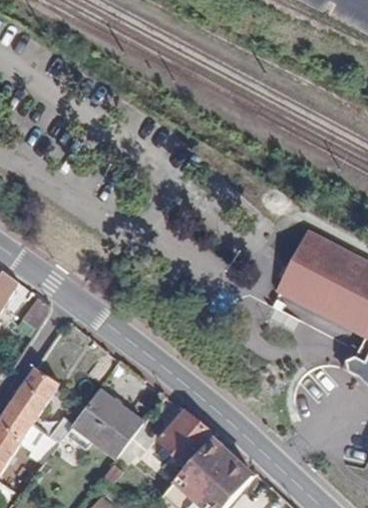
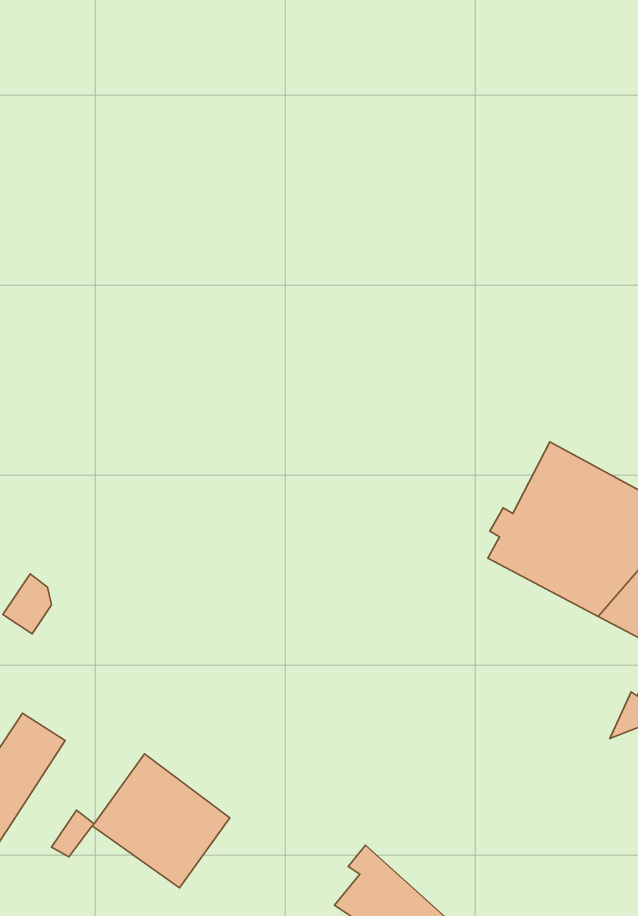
building: [159,413,214,467] -> none

